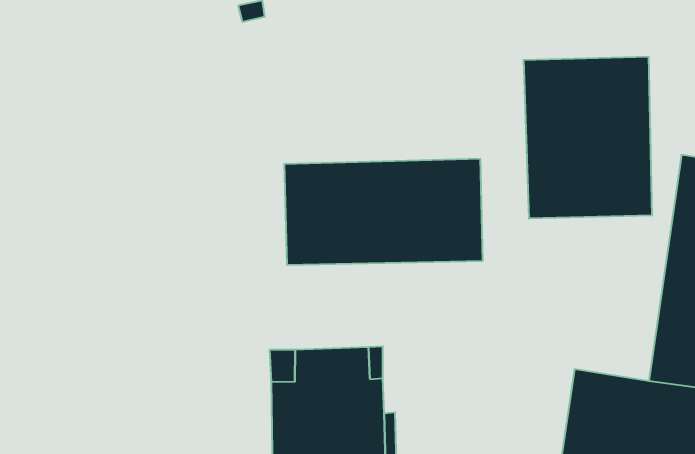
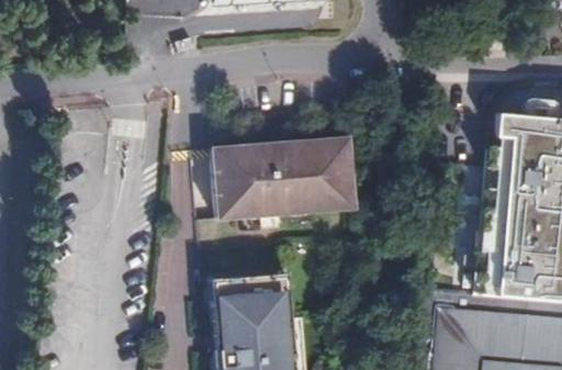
building: [524,57,652,219] -> none

